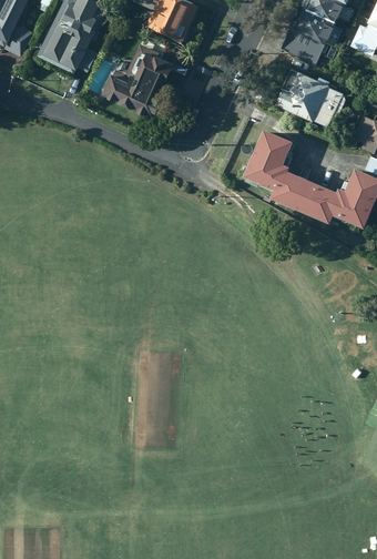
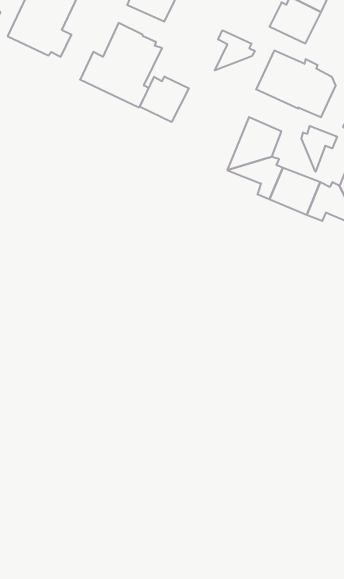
building: none -> [215,30,255,70]
building: none -> [140,76,189,122]
building: none -> [301,126,337,172]

